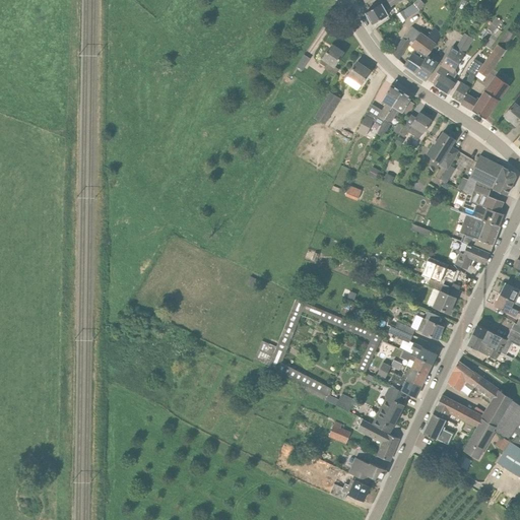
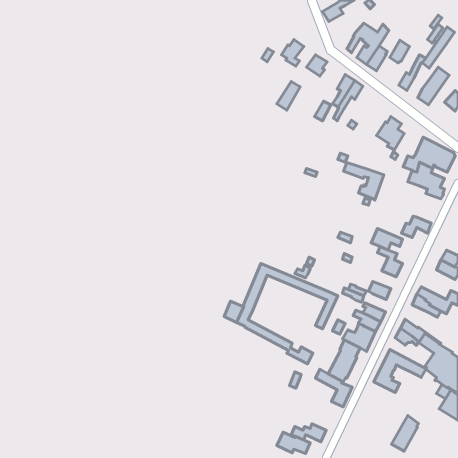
building: [434,65,456,94] -> none
building: [398,113,432,139] -> none
building: [454,211,500,254] -> [343,162,384,200]
building: [464,418,495,459] -> [392,415,418,451]
building: [348,457,386,481] -> [277,432,310,454]

